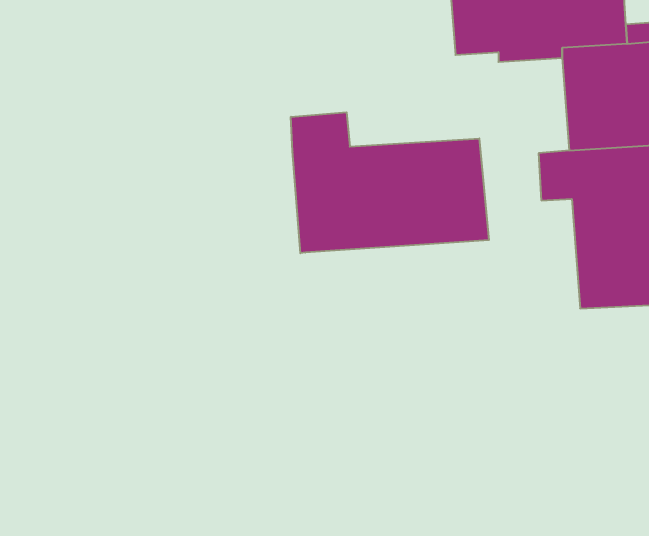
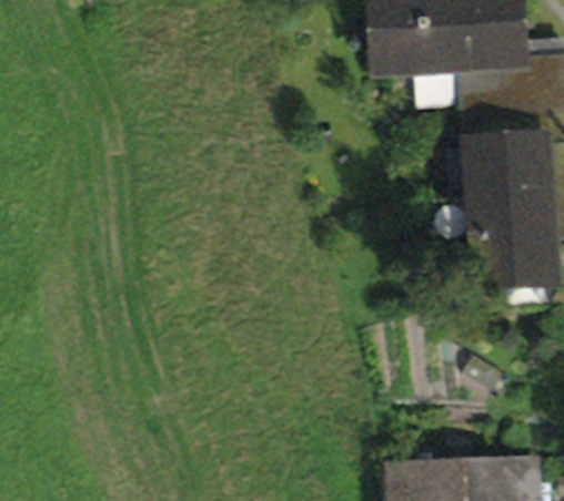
building: [291,112,489,253] -> none

